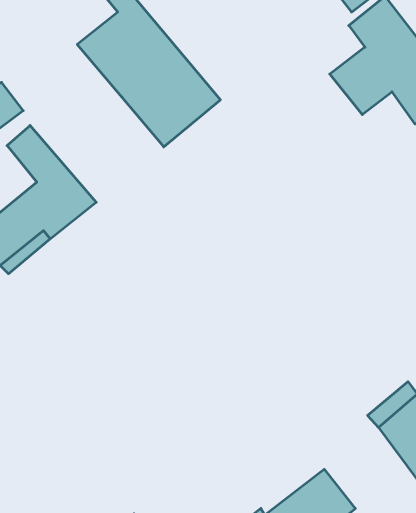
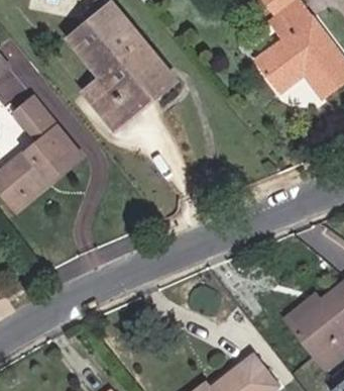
building: none -> [84,77,132,128]

